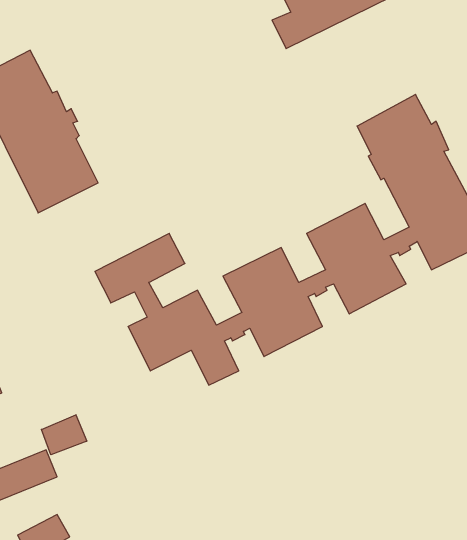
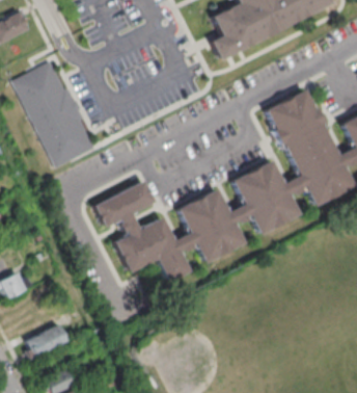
building: [41,415,87,455] -> none

